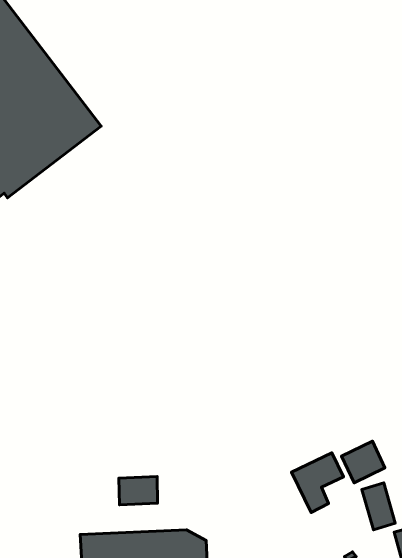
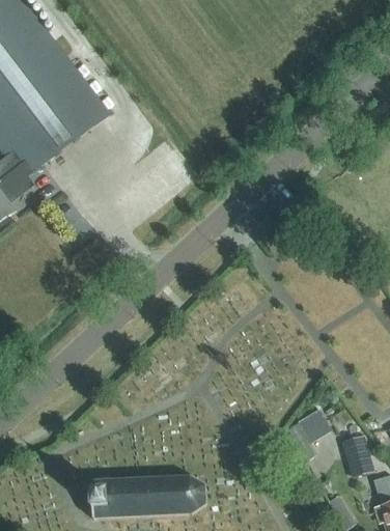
building: [342,441,385,483] -> none
building: [119,476,158,505] -> none

